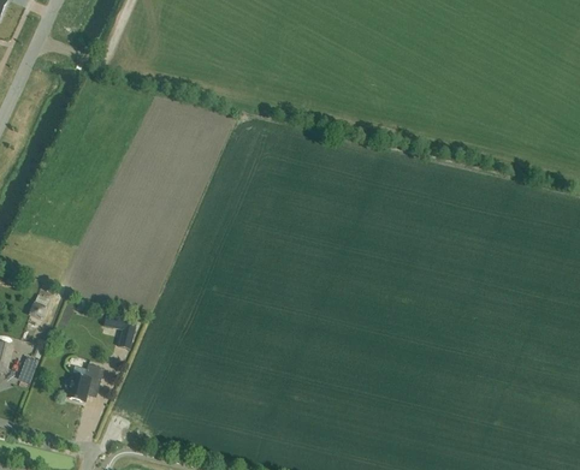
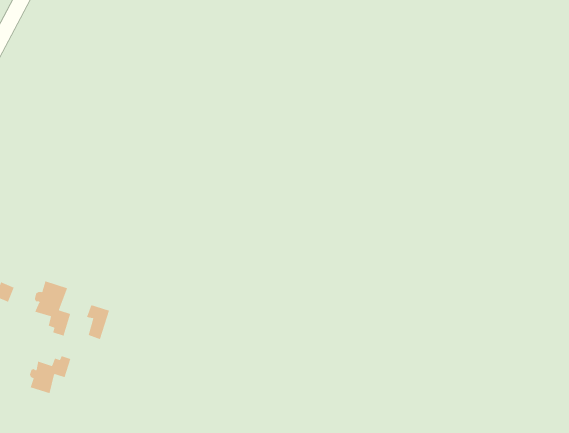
building: none -> [34,281,71,336]

